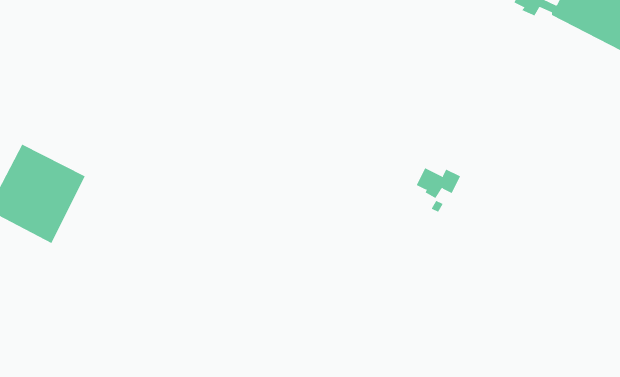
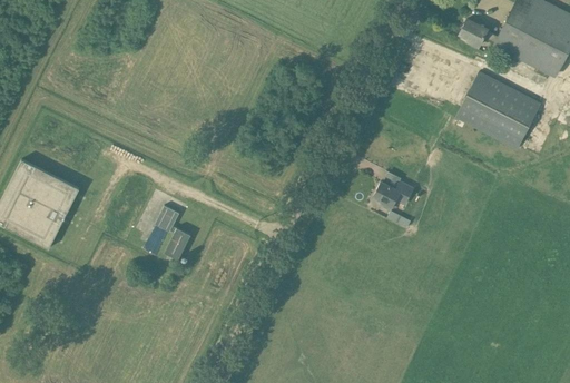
building: none -> [456,70,542,149]
building: none -> [156,205,193,259]

